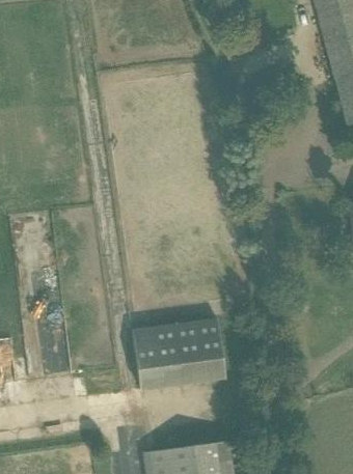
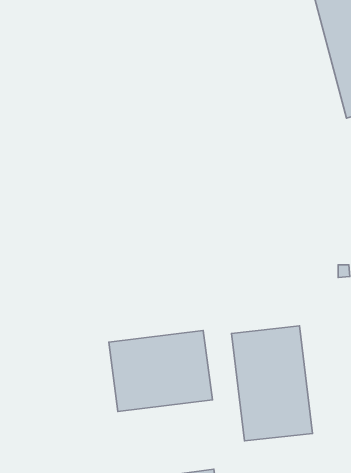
building: none -> [231,326,313,441]

